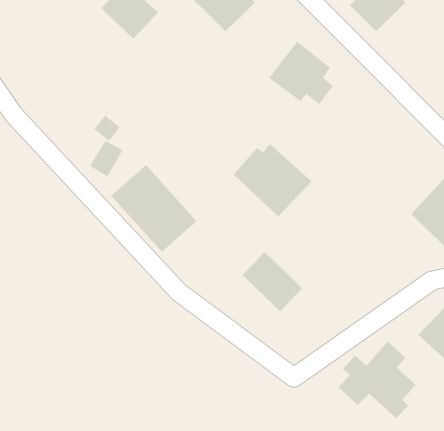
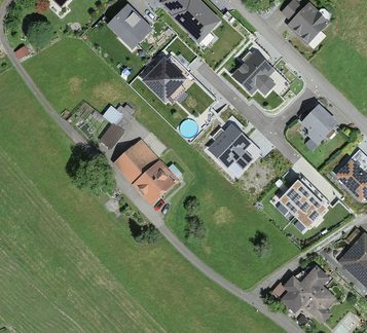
building: none -> [137,57,187,102]
building: none -> [298,105,335,142]
building: [242,251,303,312] -> [280,183,324,227]

